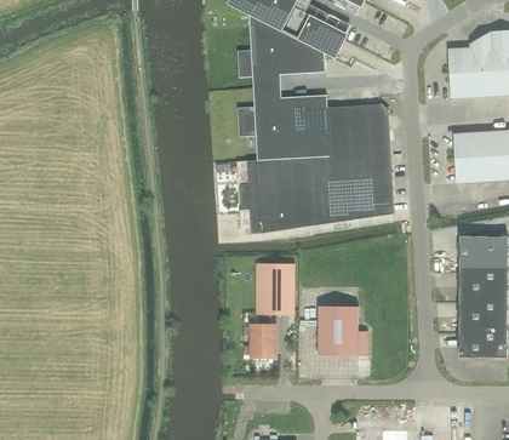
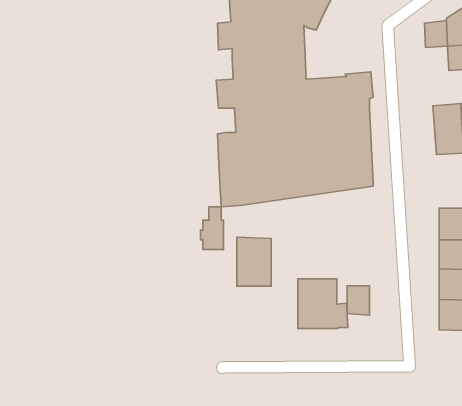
building: [446,74,469,99] -> none
building: none -> [347,286,370,315]
building: [251,313,274,355] -> [200,207,224,249]

